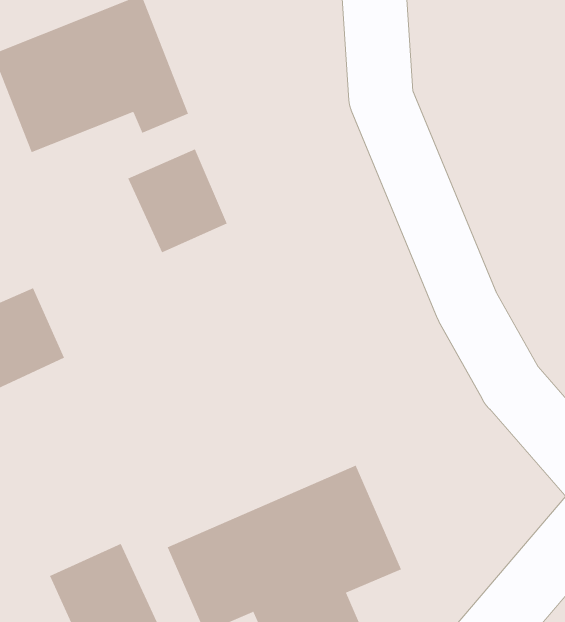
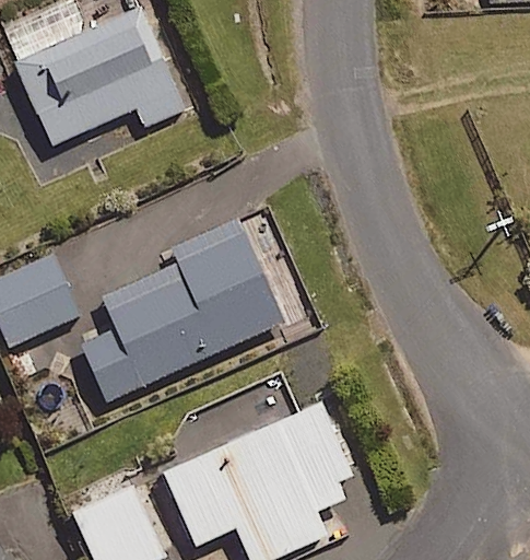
building: [128,149,228,253] -> none
building: none -> [72,234,282,399]

